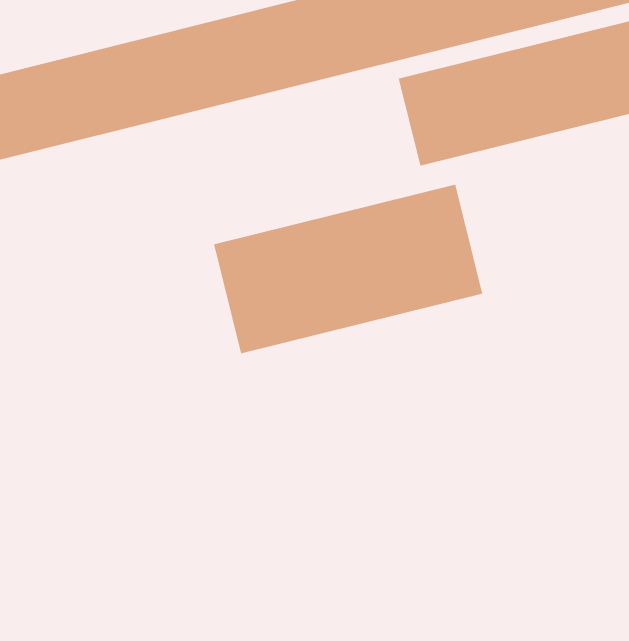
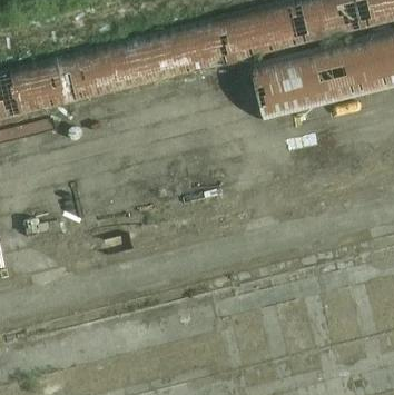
building: [213,184,483,354] -> none

